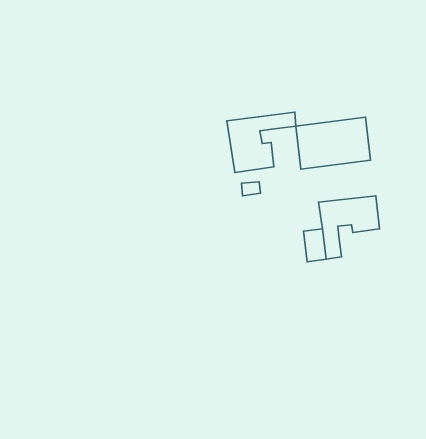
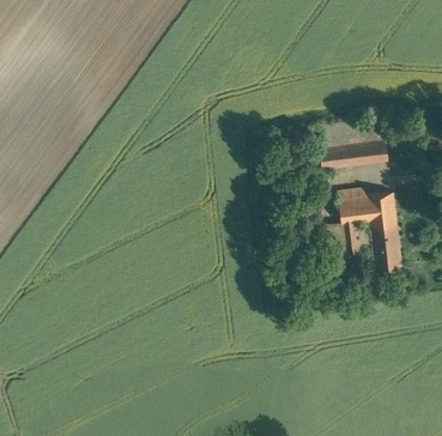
building: [227,112,296,172] -> none
building: none -> [358,226,401,272]

